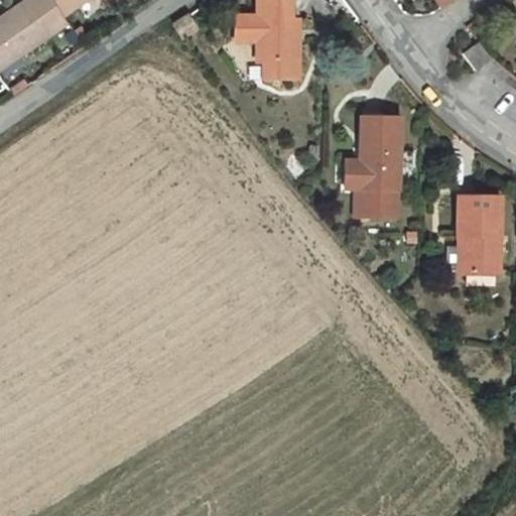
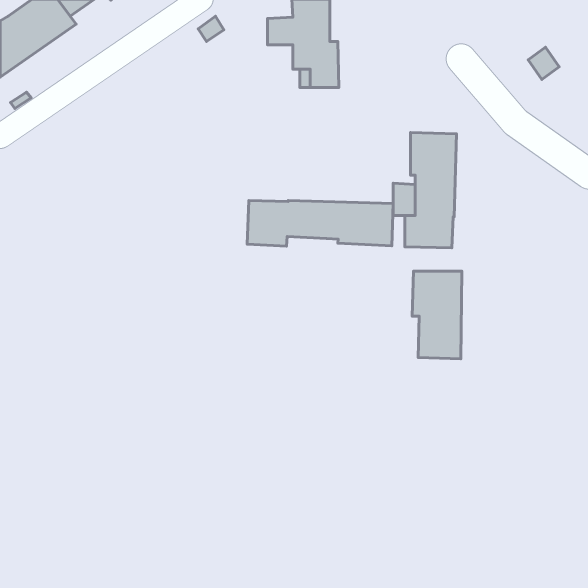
building: none -> [247,200,393,246]
building: [457,197,500,273] -> [412,271,462,359]

